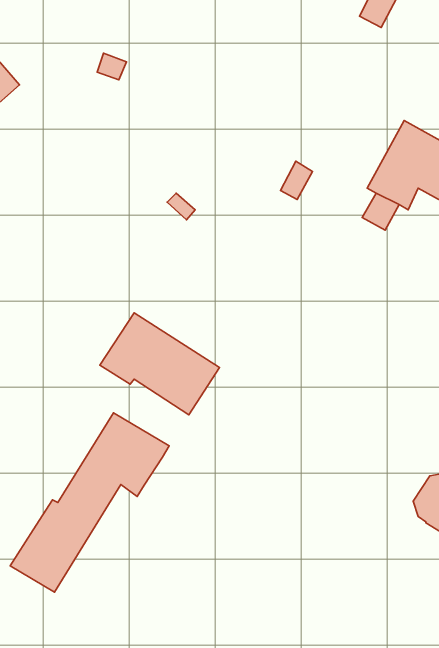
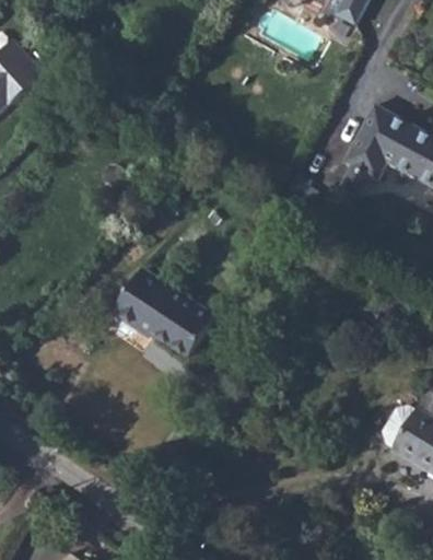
building: [10,413,169,592] -> none

